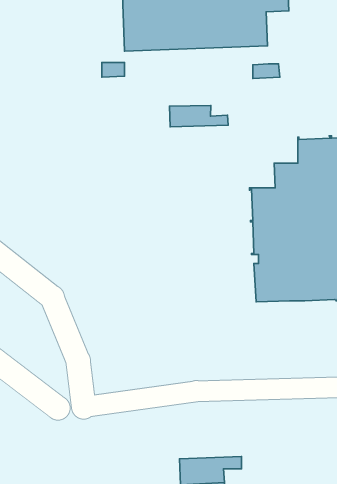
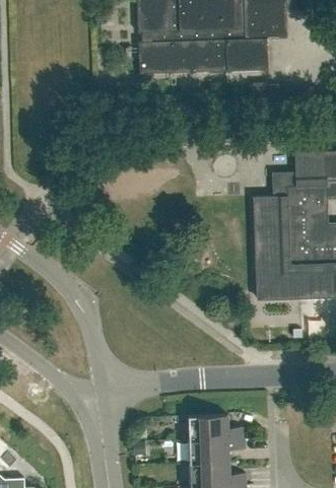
building: [170,105,228,127] -> none
building: none -> [188,415,245,440]

